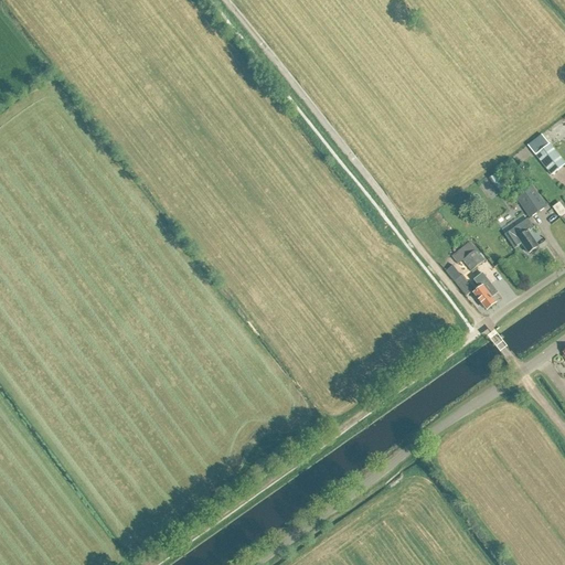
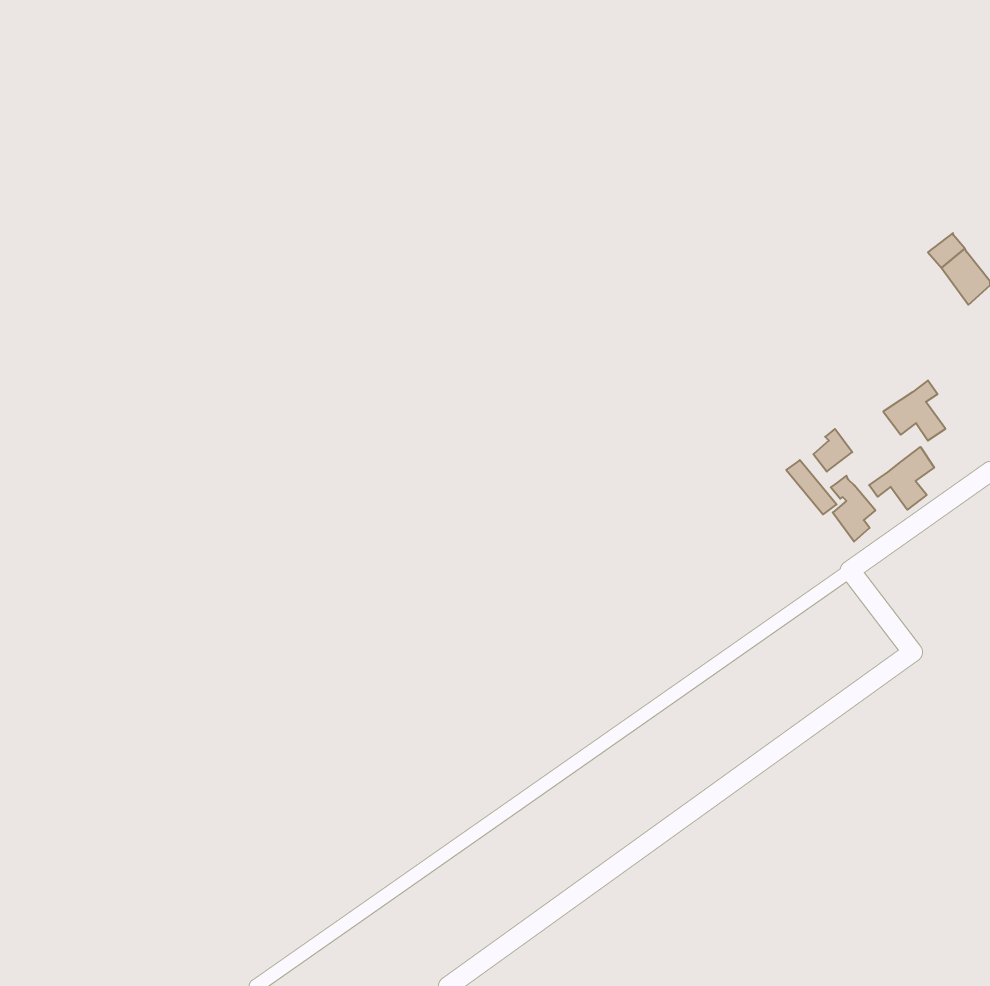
building: [515,184,544,215] -> none
building: none -> [869,447,934,510]

